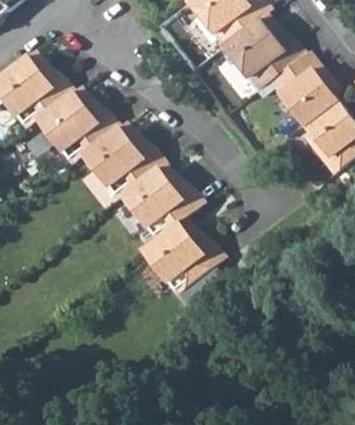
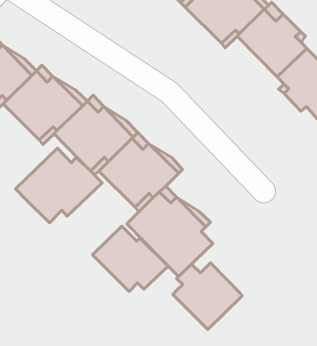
building: none -> [16,148,102,223]
building: none -> [93,226,168,292]
building: none -> [173,263,242,330]

